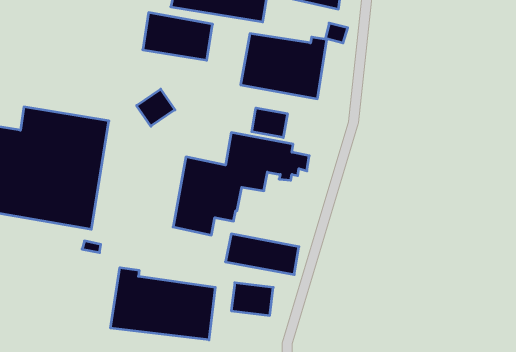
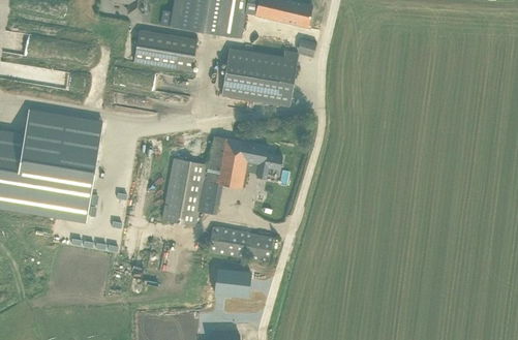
building: [137,89,175,126] -> none
building: [252,108,287,138] -> none
building: [111,268,215,340] -> none

